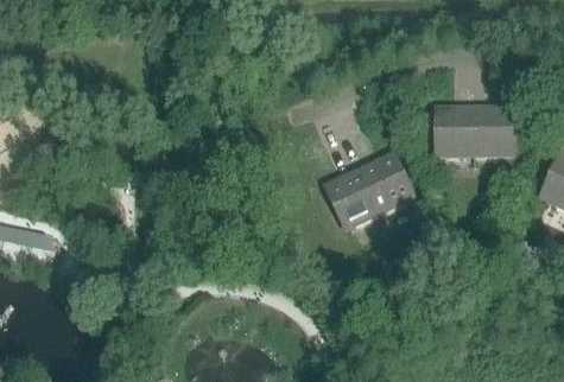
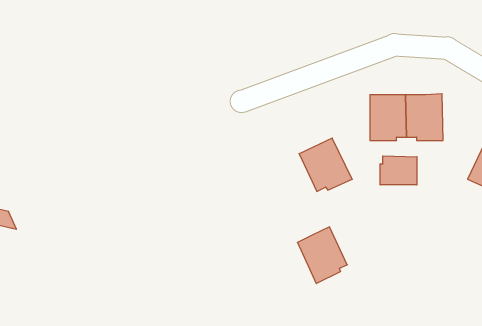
building: [324,170,378,230] -> [297,227,347,284]
building: none -> [380,156,417,185]

